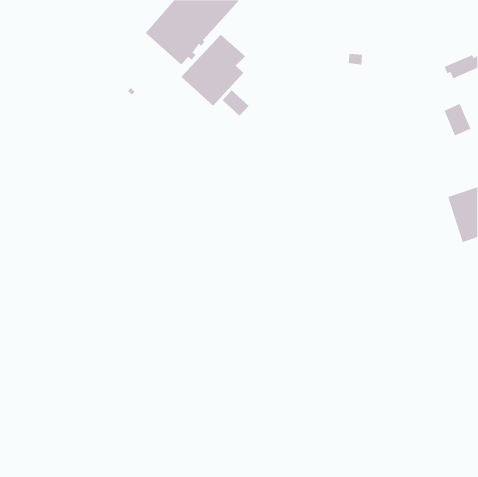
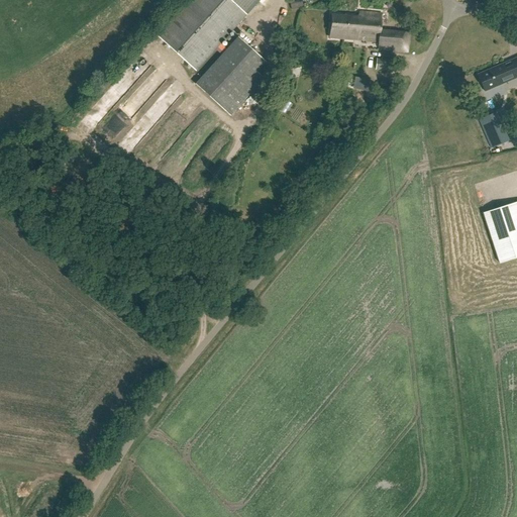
building: none -> [331,10,411,49]
building: [222,90,249,116] -> none

